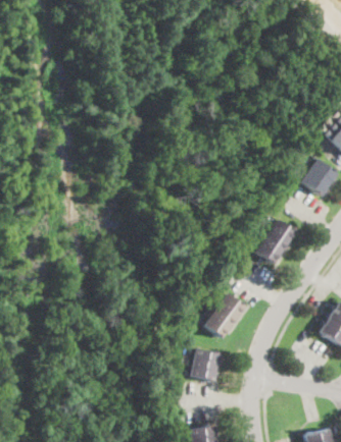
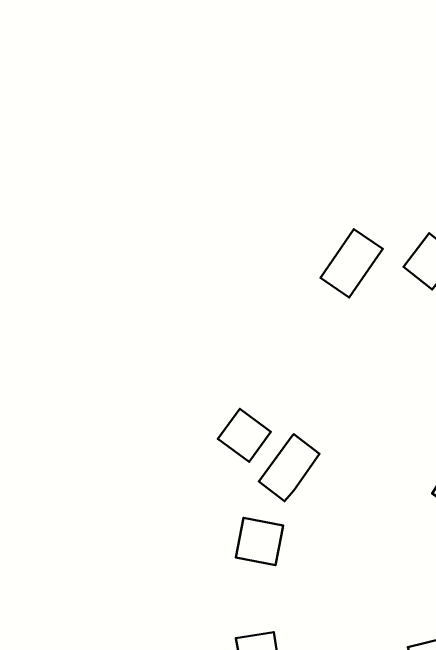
building: [254,218,296,264] -> [320,229,383,298]
building: none -> [218,409,271,462]

